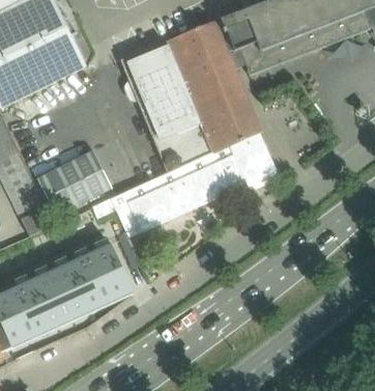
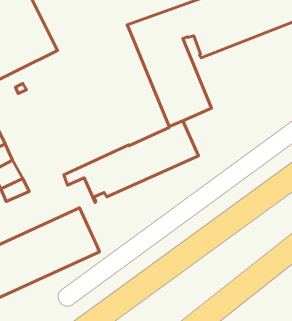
building: [120,40,212,173] -> none
building: [228,131,277,189] -> none
building: [37,150,113,216] -> none

